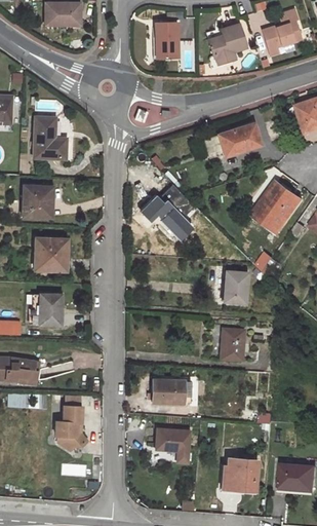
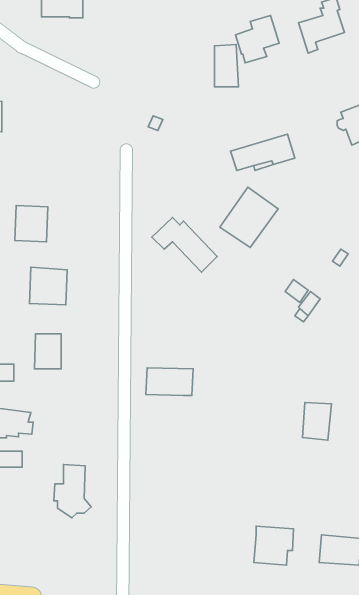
building: [157,22,177,58] -> [214,44,239,87]
building: [34,116,67,158] -> none
building: [253,181,303,232] -> [220,187,278,248]
building: [224,271,247,303] -> none
building: [221,328,245,360] -> [302,403,331,440]
building: [152,379,192,403] -> [146,368,193,396]
building: [156,428,190,462] -> none

